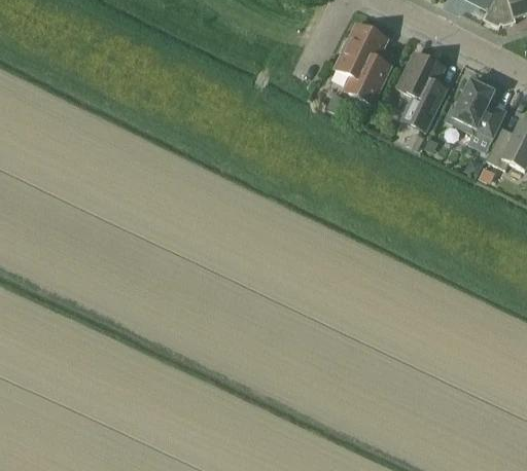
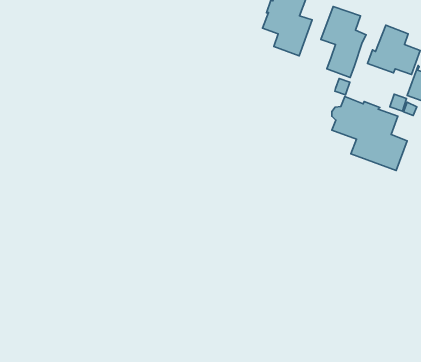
building: none -> [332,97,407,171]

